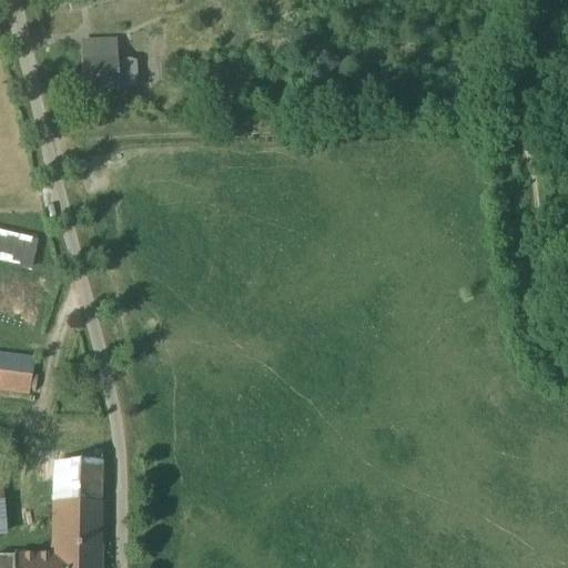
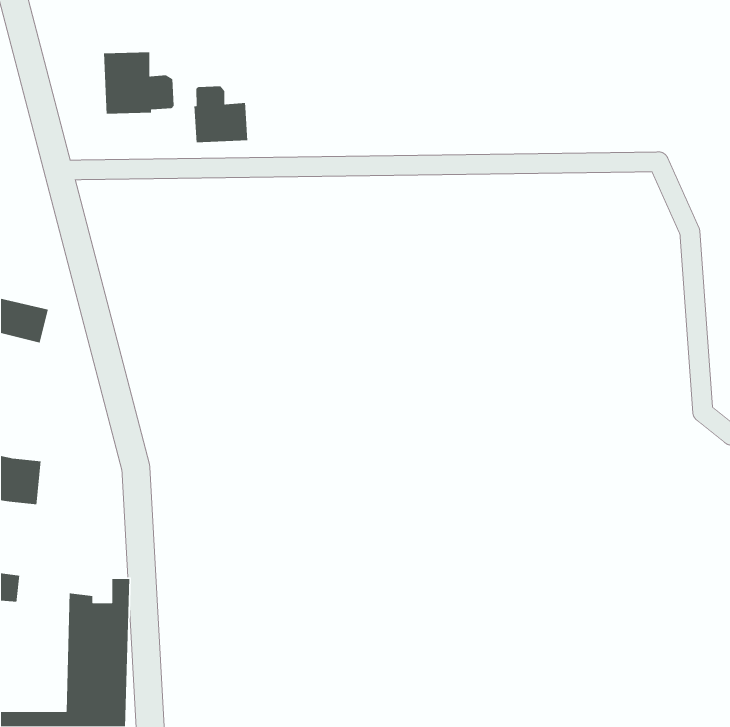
building: none -> [193,85,248,143]

